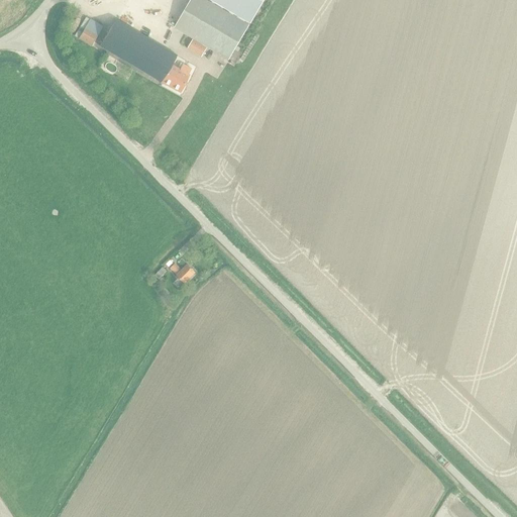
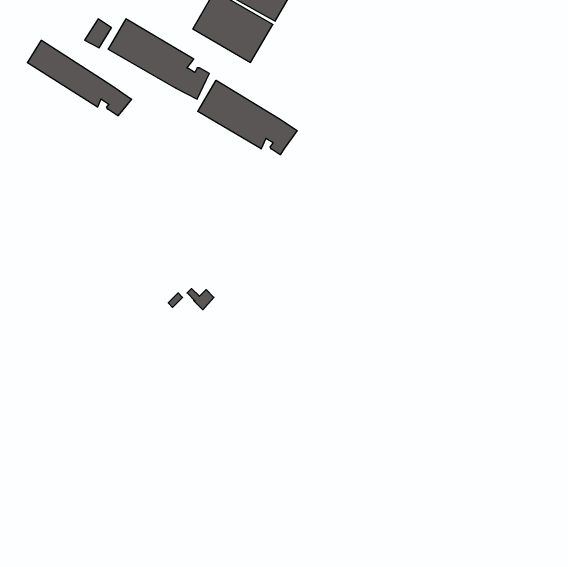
building: none -> [27,40,132,116]
building: none -> [198,80,297,155]

